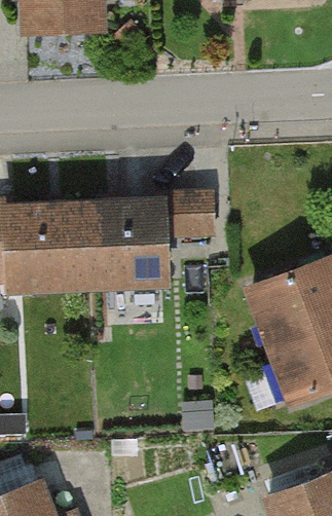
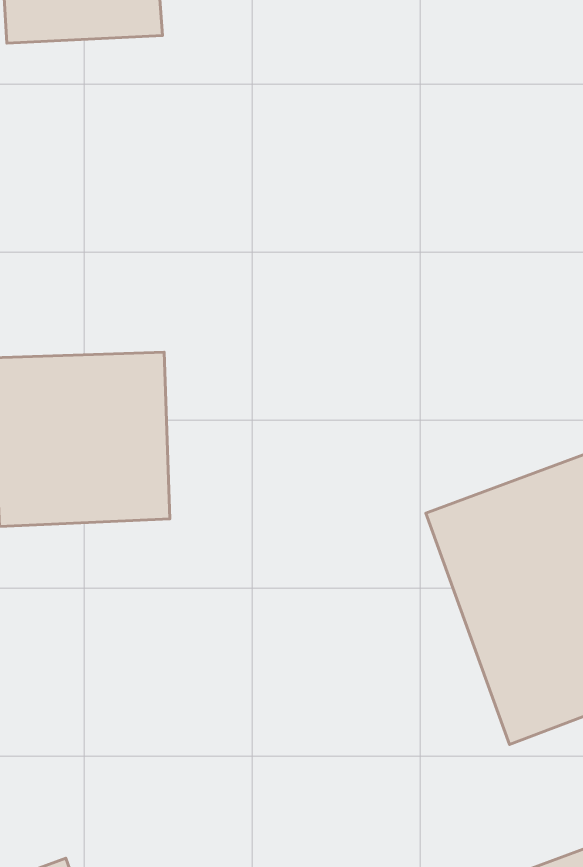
building: [98,198,174,292] -> none

